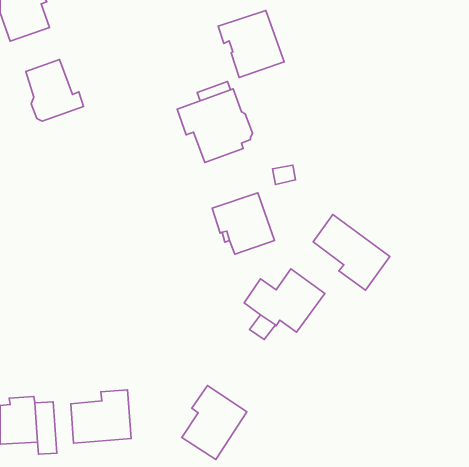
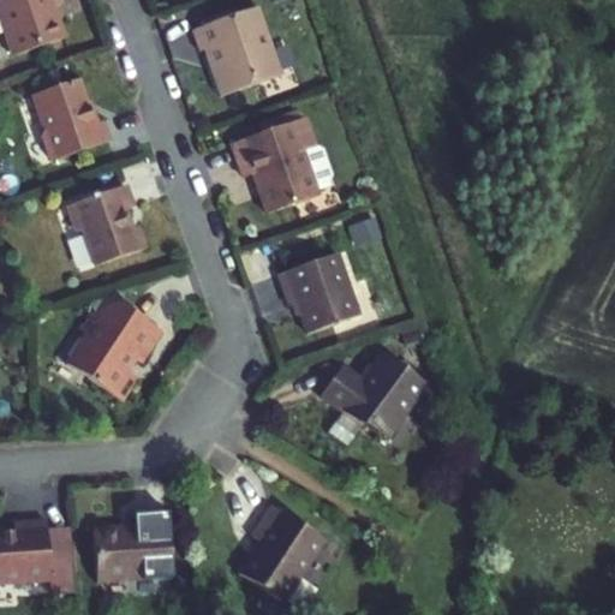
building: [218,11,284,78] -> [193,7,280,95]
building: none -> [68,185,143,264]
building: [313,215,390,290] -> none
building: none -> [66,300,161,398]

